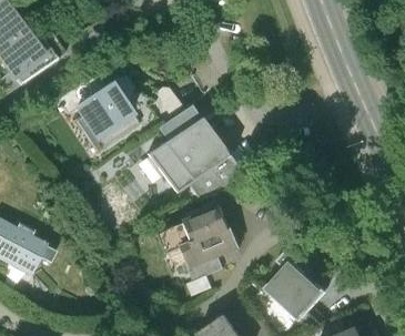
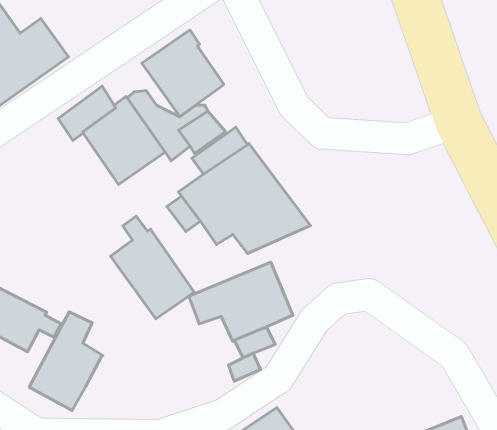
building: none -> [142,30,223,116]
building: none -> [110,216,194,319]
building: none -> [29,312,103,410]
building: [262,259,325,320] -> none

